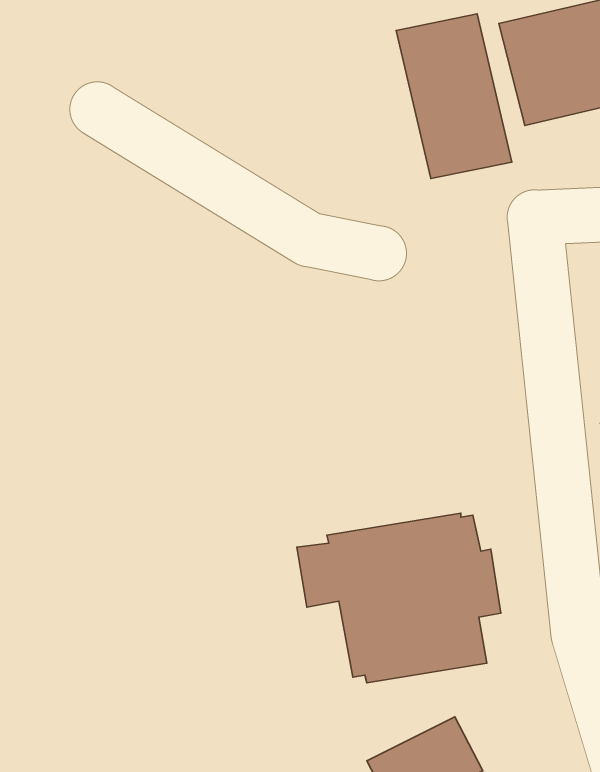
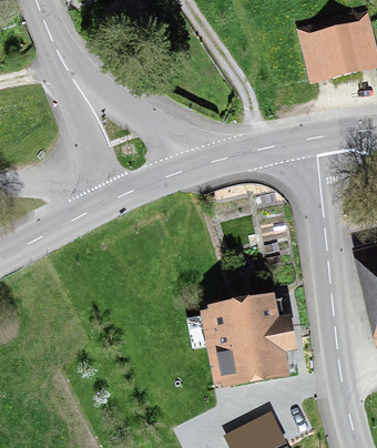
building: [396,14,512,179] -> none

